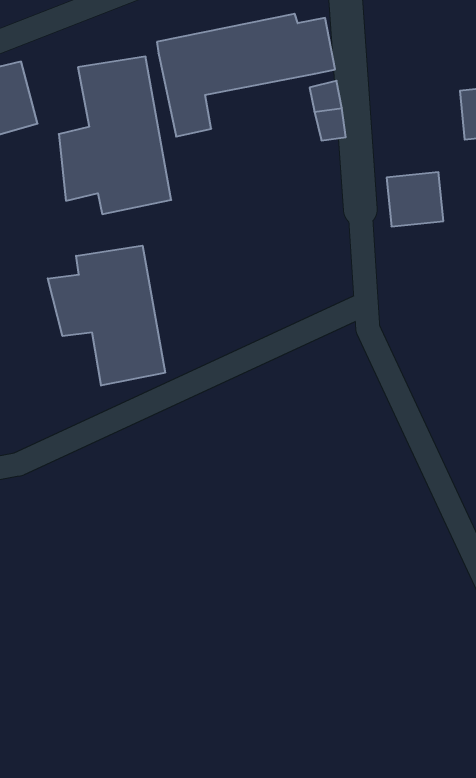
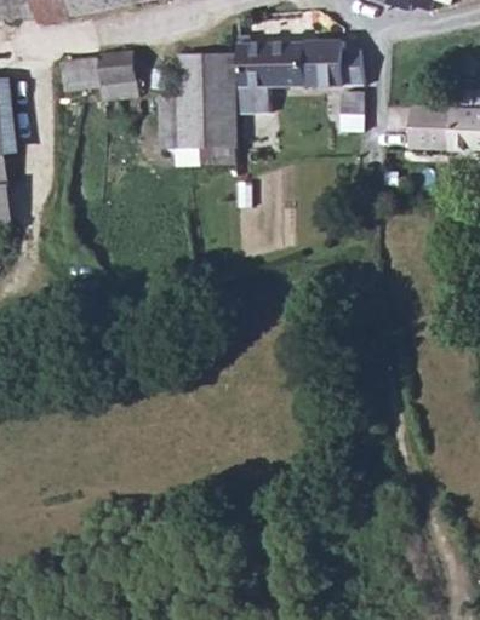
building: [387,172,443,226] -> [412,110,452,148]
building: [48,246,165,386] -> none

